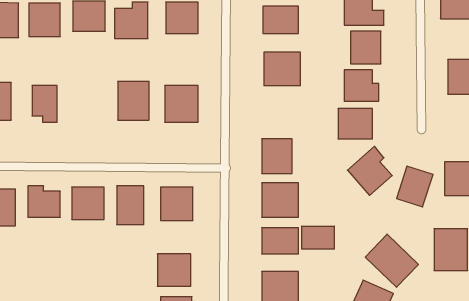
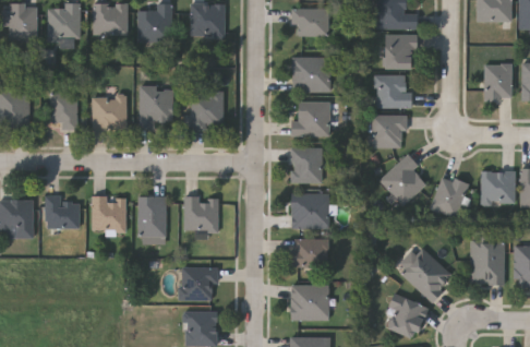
building: none -> [93,94,125,129]
building: none -> [291,100,329,135]
building: [302,226,334,249] -> none

